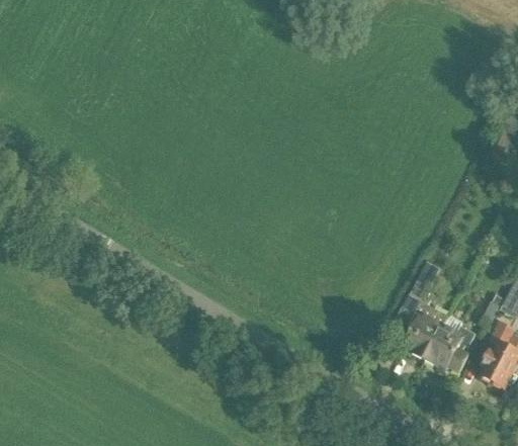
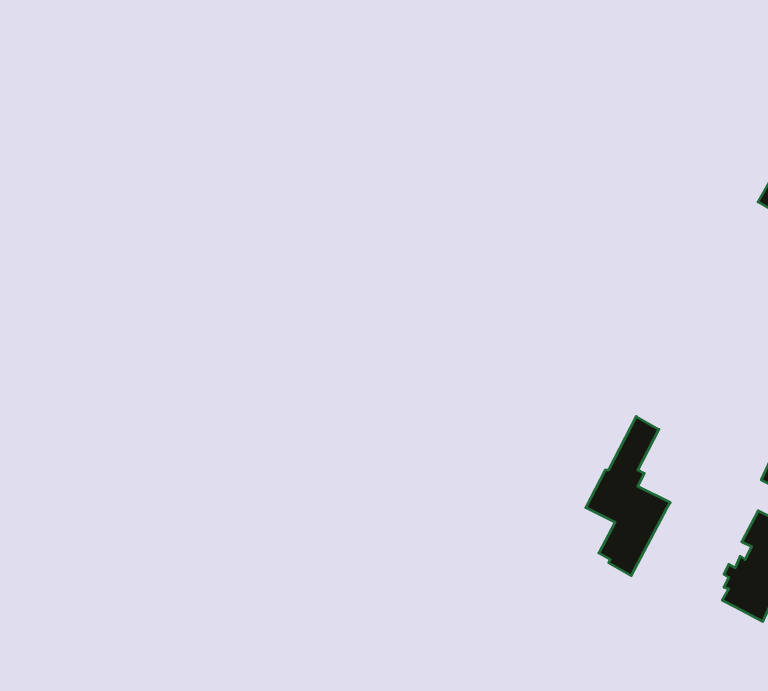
building: [423,316,474,372] -> none

